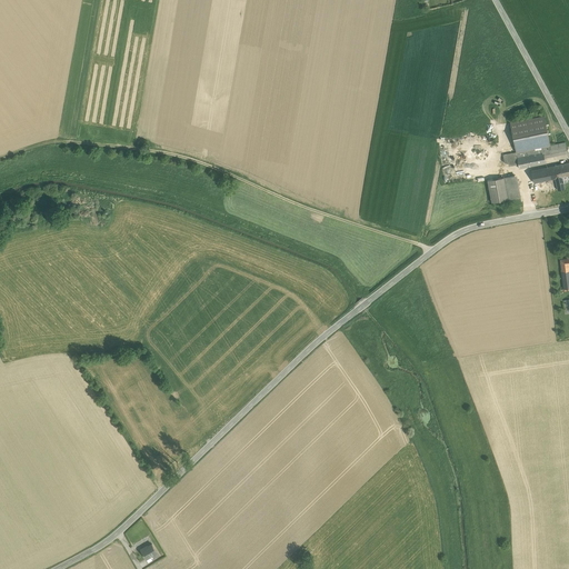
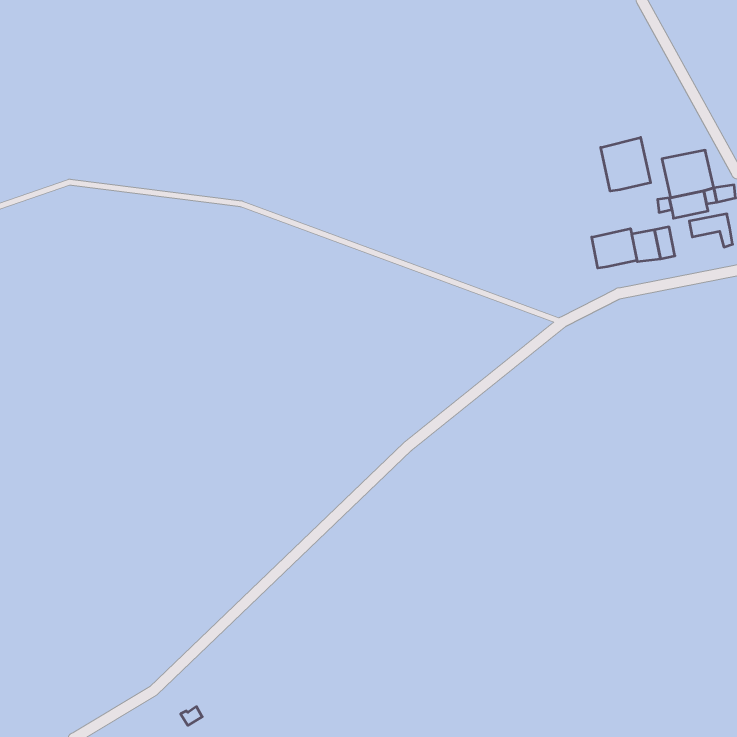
building: none -> [601,137,651,191]
building: none -> [592,229,637,268]

